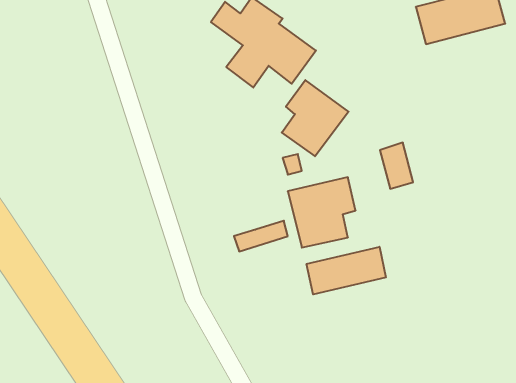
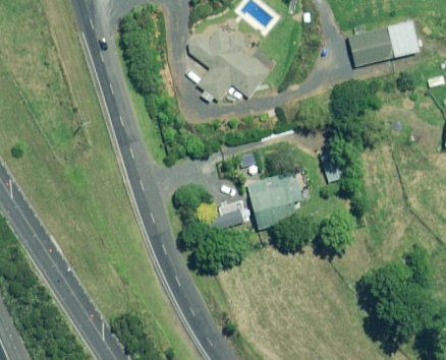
building: [282,80,349,156] -> none
building: [307,247,386,294] -> none

